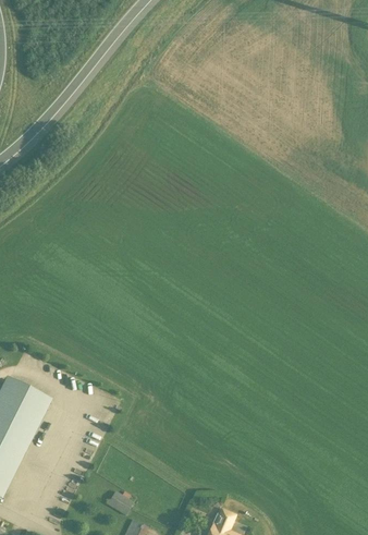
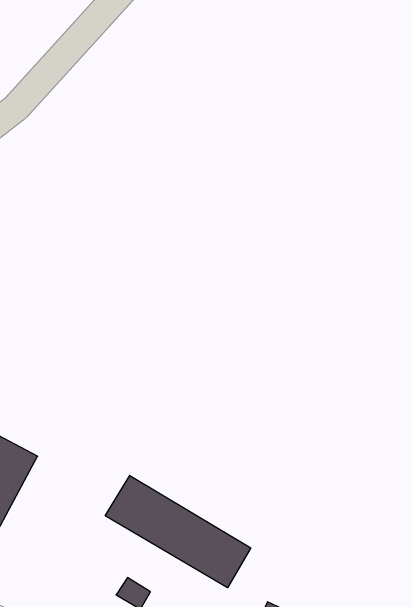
building: none -> [105,475,251,588]

